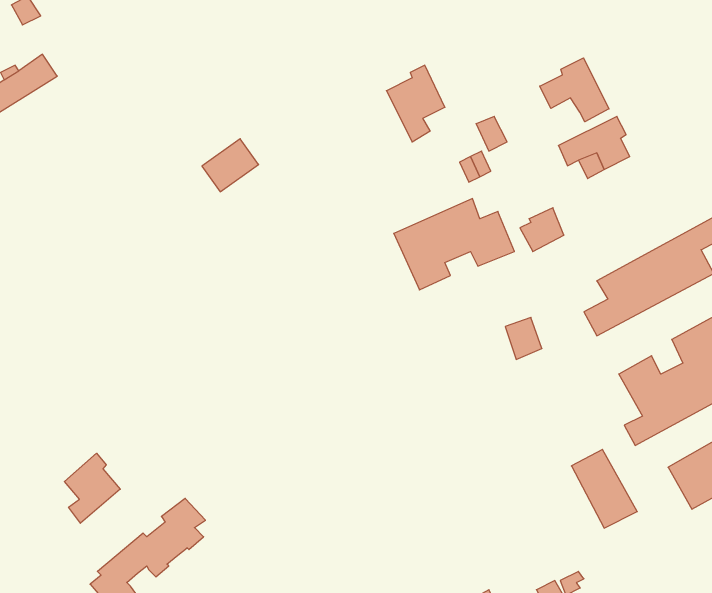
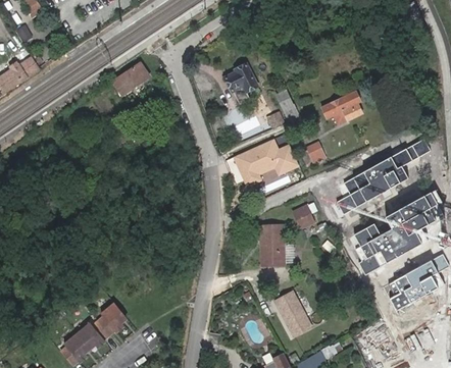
building: [540,58,609,122] -> none
building: [202,139,259,192] -> [116,63,148,93]
building: none -> [260,220,283,261]
building: [571,449,637,528] -> [274,292,311,335]
building: [64,453,120,523] -> none

